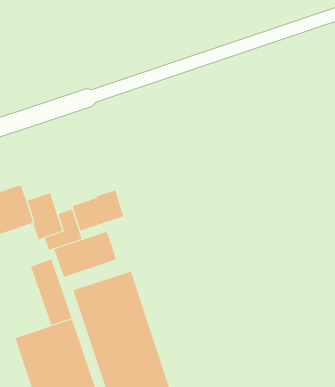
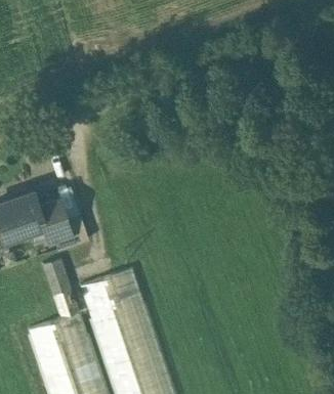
building: [72,190,124,232] -> none
building: [53,231,117,278] -> none

